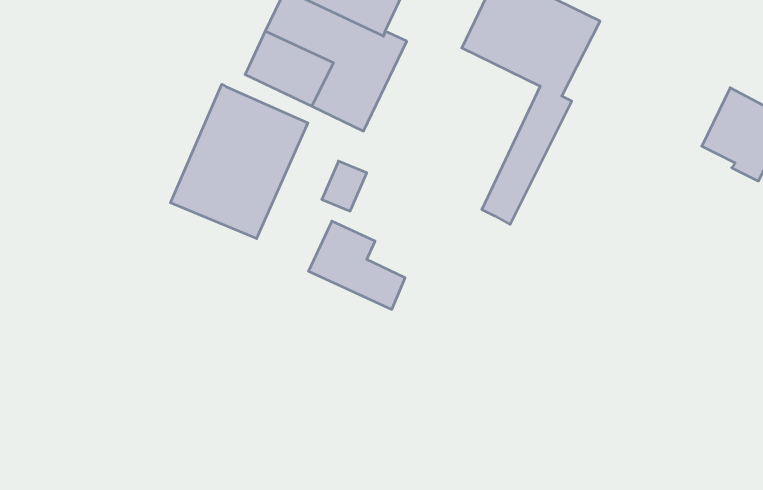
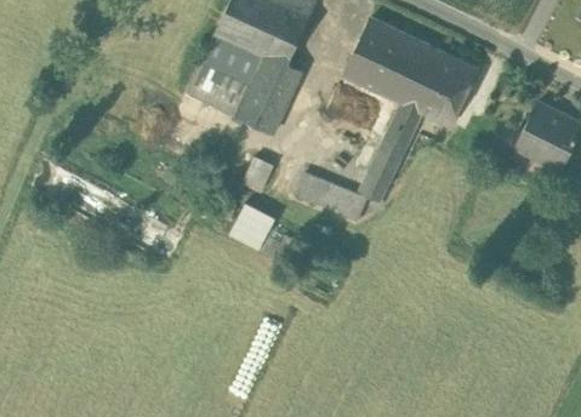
building: none -> [416,55,478,126]
building: [170,84,308,239] -> none
building: none -> [296,171,368,221]

